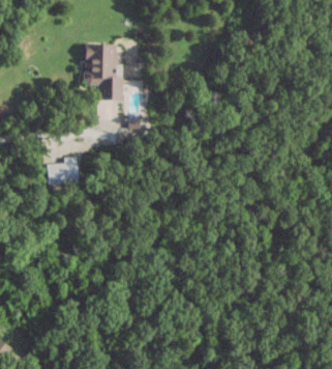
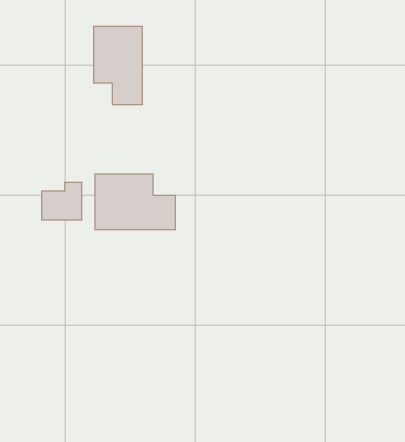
building: none -> [95,174,175,230]

